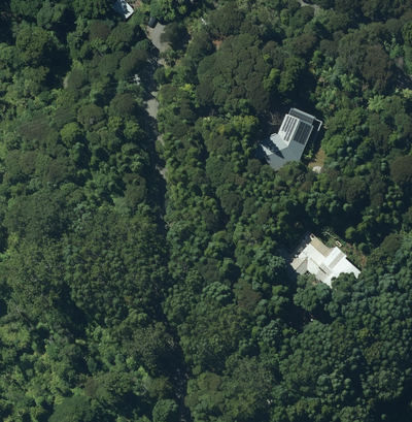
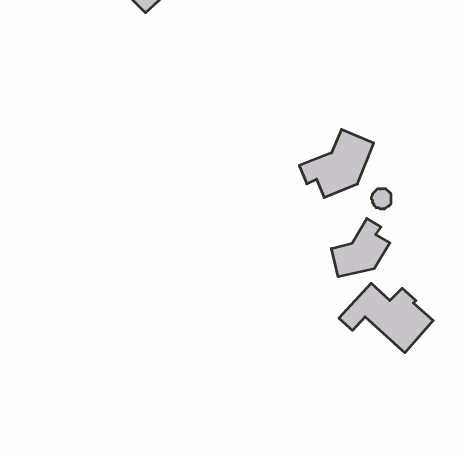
building: none -> [331,218,390,277]

